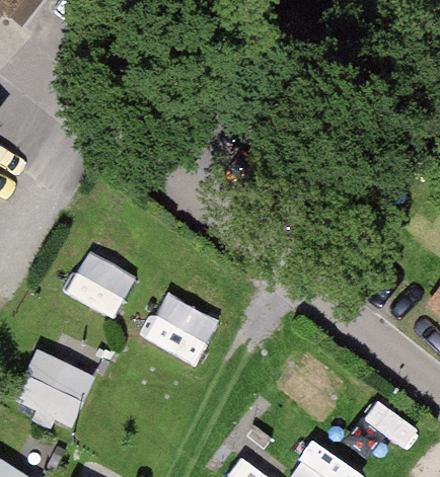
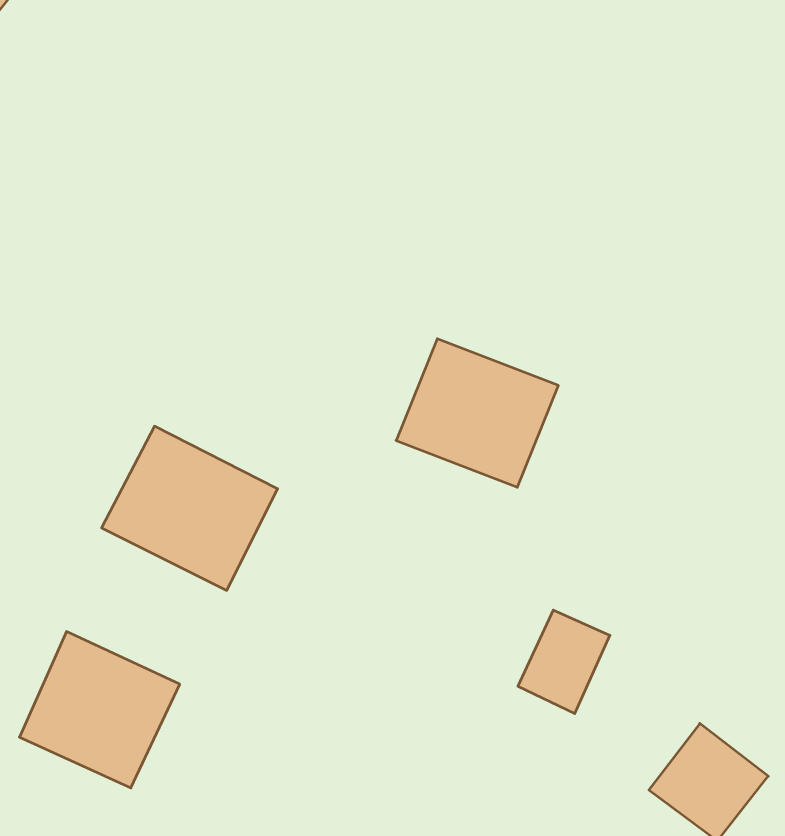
building: [139,290,223,367] -> [396,339,558,487]

